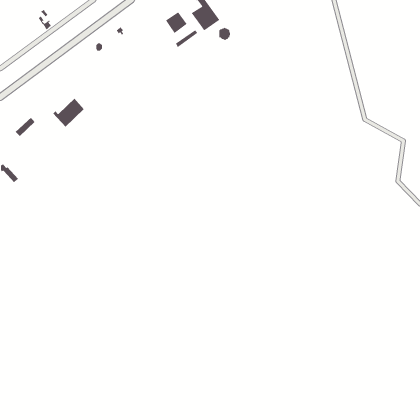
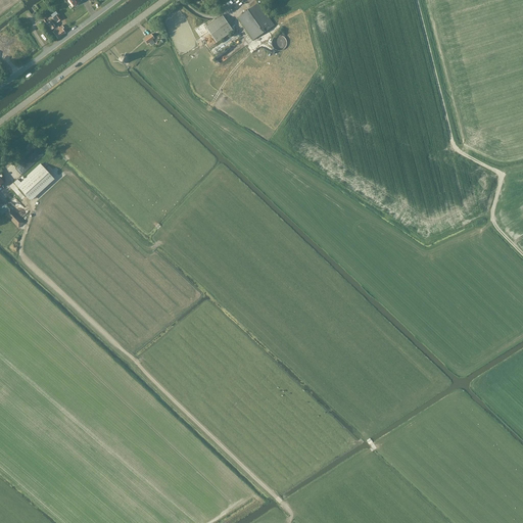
building: [52,98,85,127] -> [13,162,53,199]

